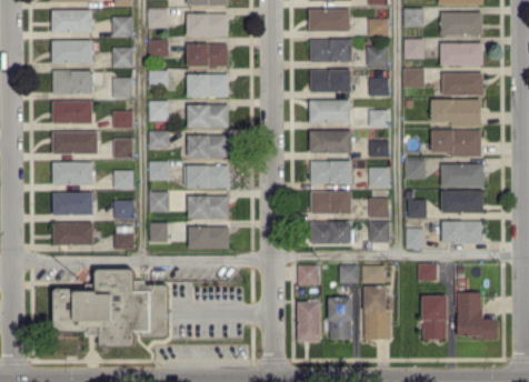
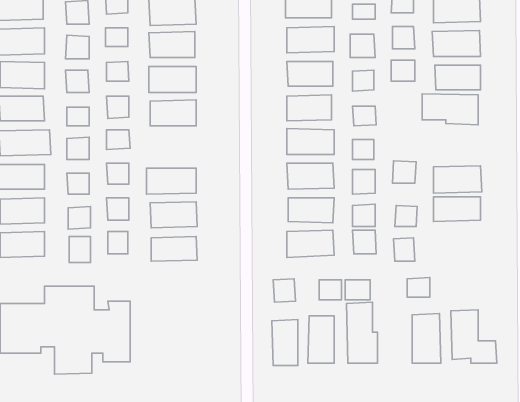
building: [430,130,480,157] -> none
building: [187,134,228,158] -> none
building: [441,221,482,244] -> none

